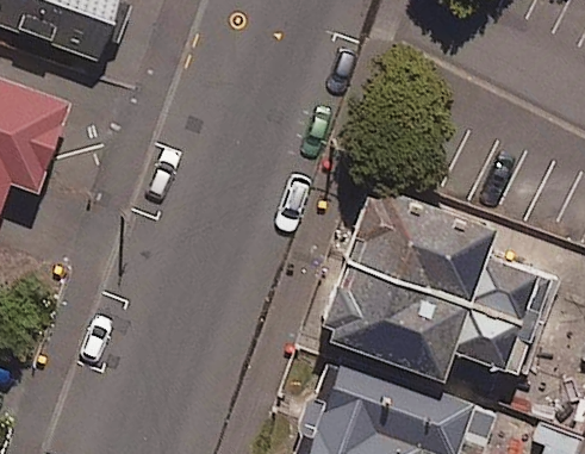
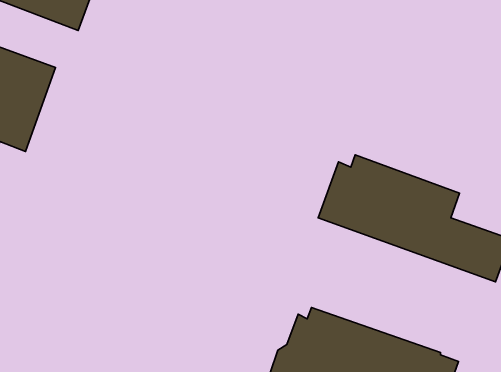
building: [323,259,539,386] -> none

